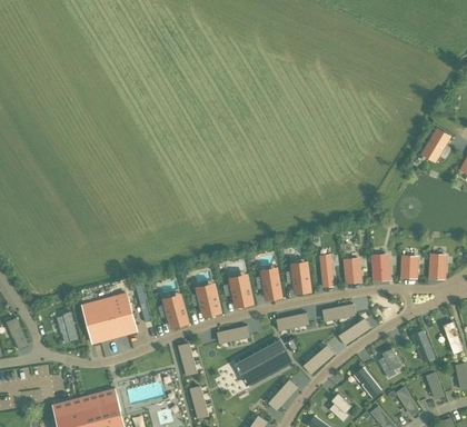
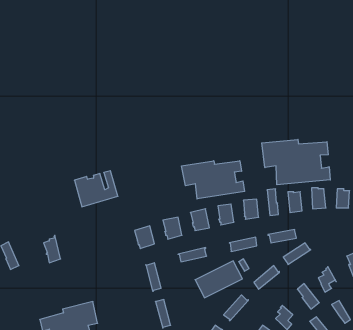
building: none -> [262,139,330,185]
building: none -> [182,161,245,199]
building: [83,295,135,337] -> [74,171,118,207]

